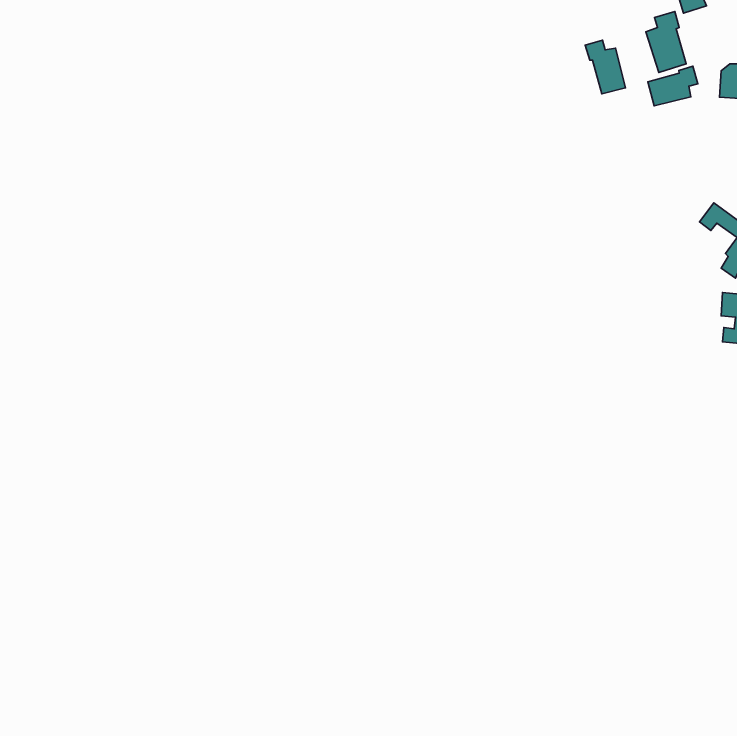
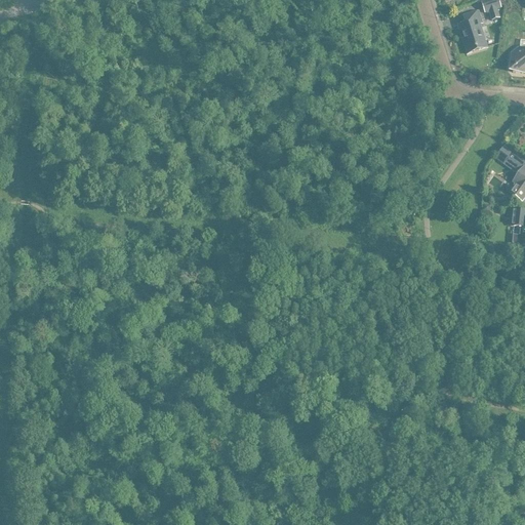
building: [585,40,626,94] -> none
building: [648,66,698,106] -> none

